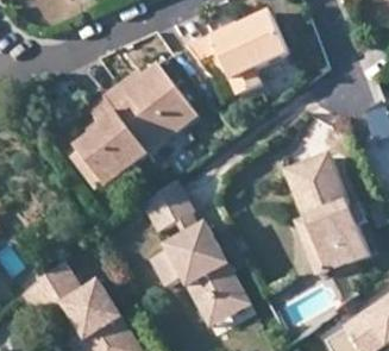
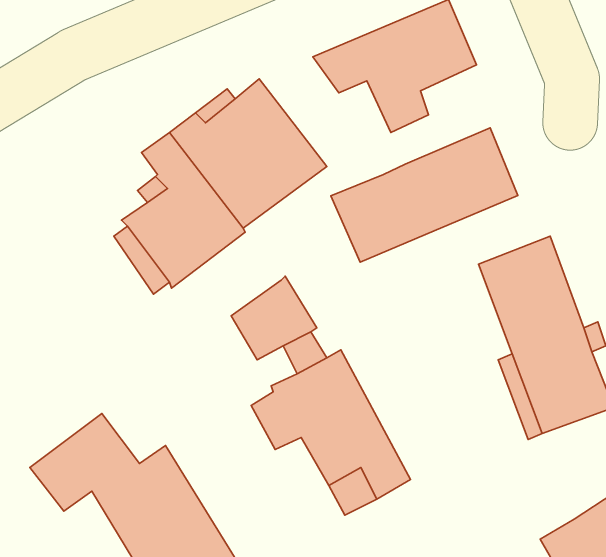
building: none -> [331,128,518,262]

